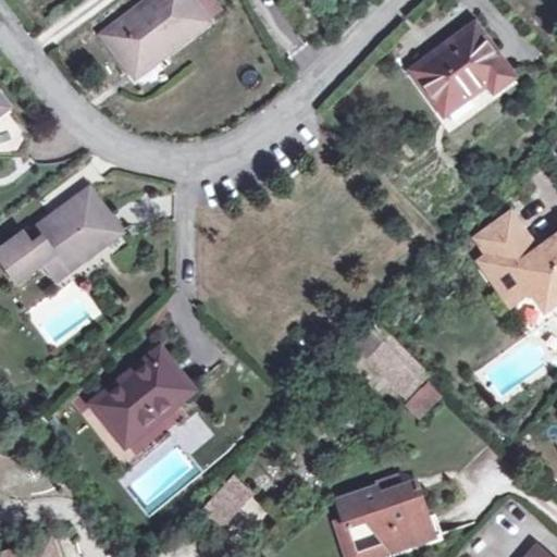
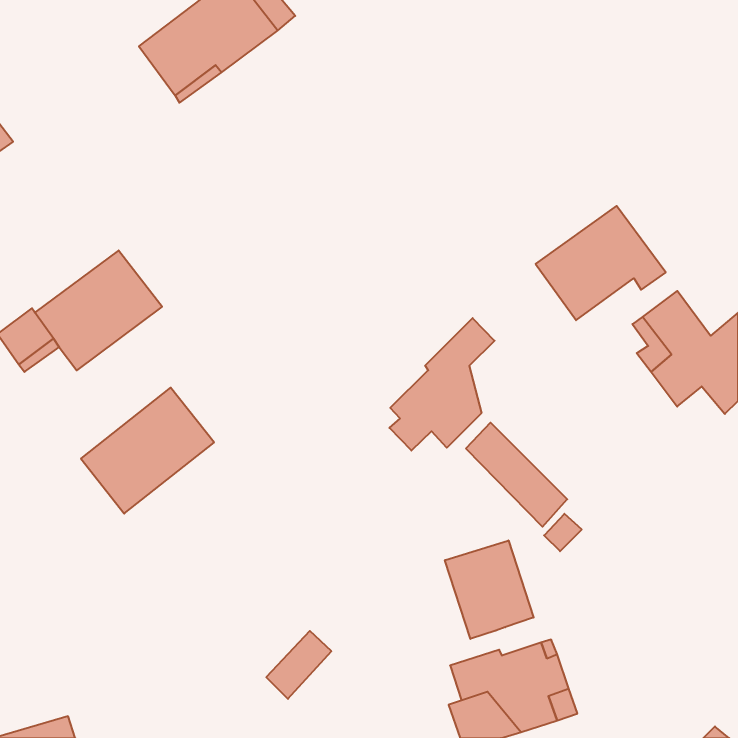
building: [414,27,512,113] -> [536,206,666,320]
building: none -> [389,318,495,451]
building: [94,349,194,444] -> [81,388,214,514]
building: none -> [445,540,534,639]

